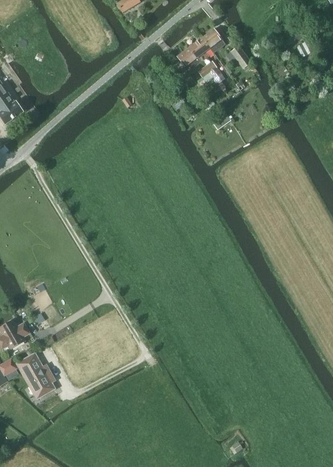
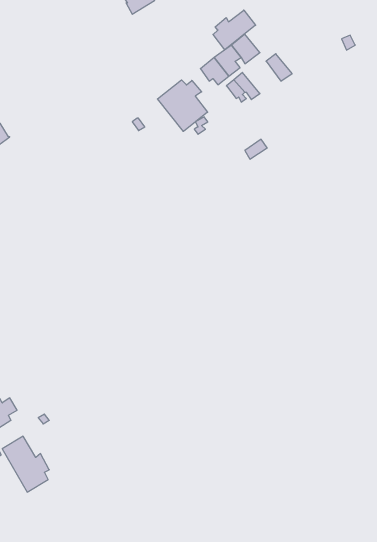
building: none -> [213,10,256,50]
building: none -> [157,80,208,131]

